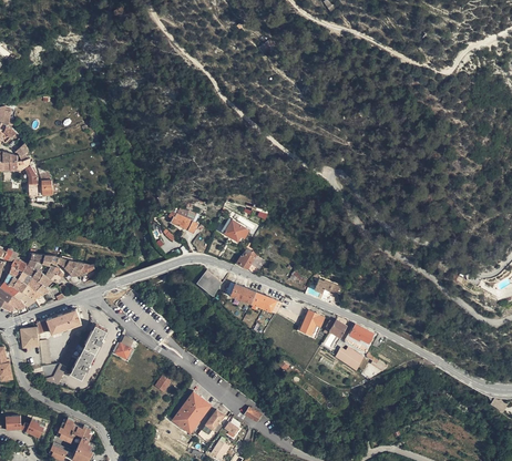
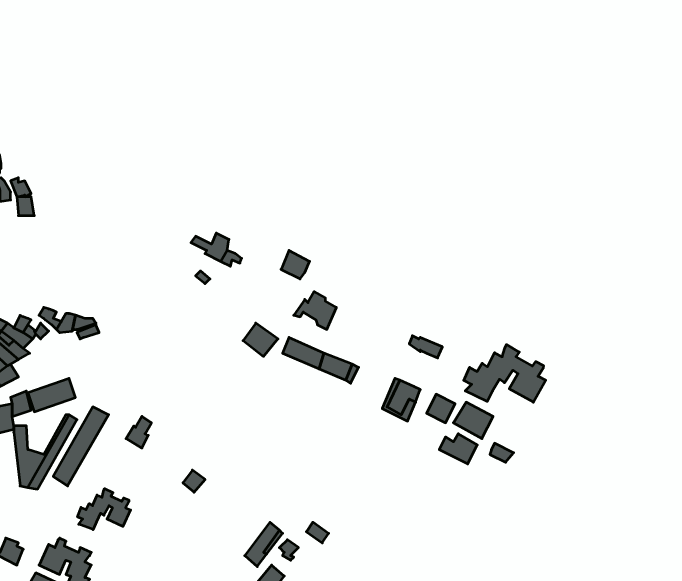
building: none -> [464,345,546,402]
building: none -> [78,489,131,530]
building: [175,389,213,429] -> none

